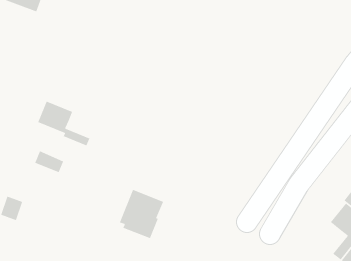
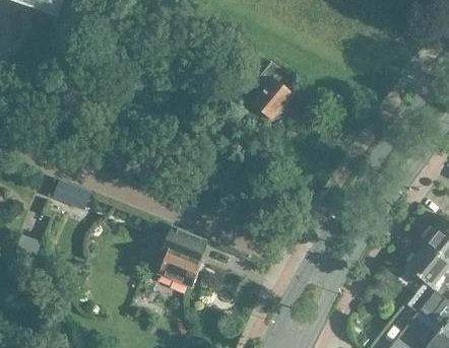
building: none -> [252,62,293,120]
building: [37,101,90,147] -> none

